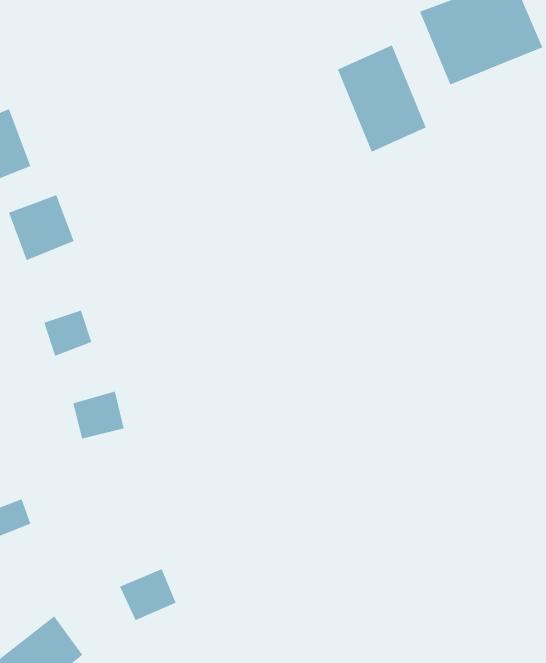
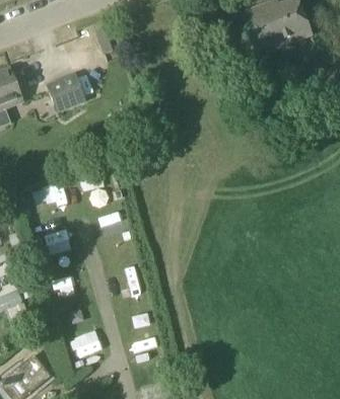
building: [337,44,427,153] -> none
building: [8,194,75,261] -> [47,75,84,112]

